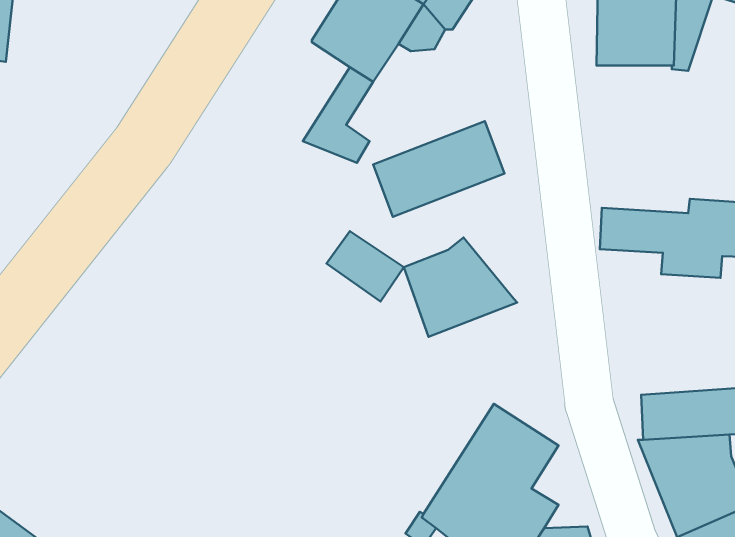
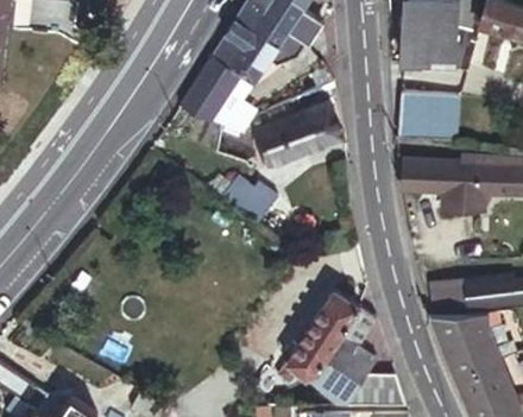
building: none -> [182,52,238,118]
building: none -> [398,96,461,138]
building: [404,238,517,337] -> none

